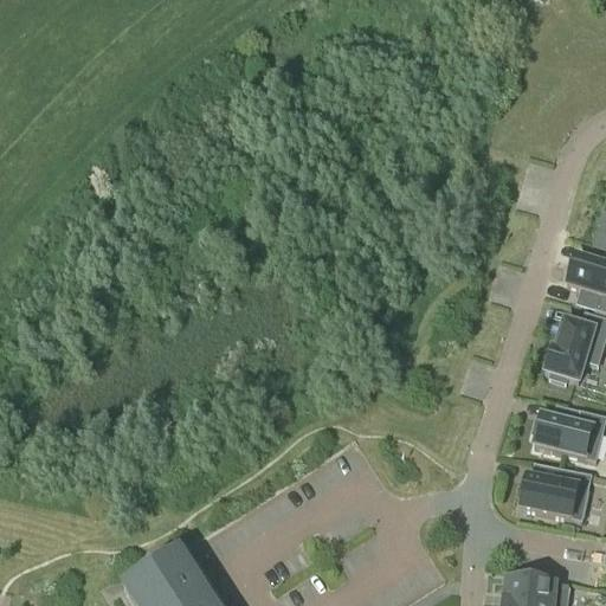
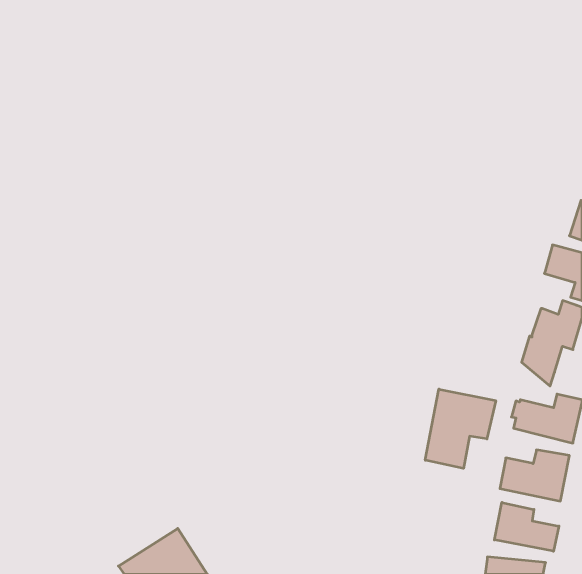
building: none -> [425,389,496,468]
building: none -> [494,502,559,551]

